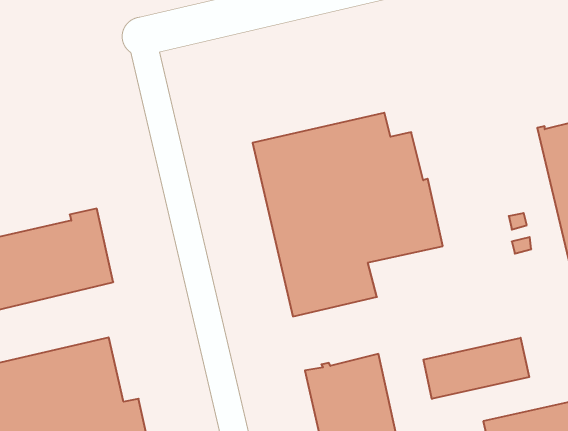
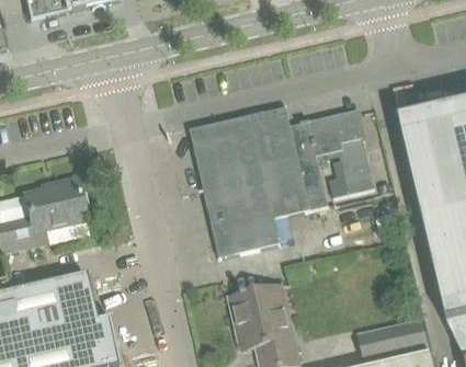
building: none -> [307,112,375,196]
building: [423,338,529,399] -> none

